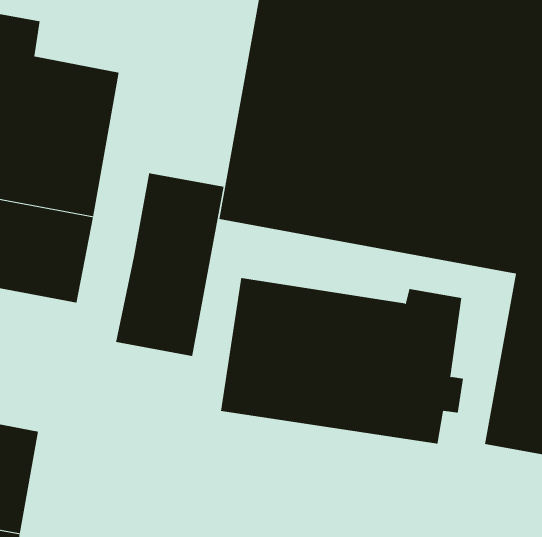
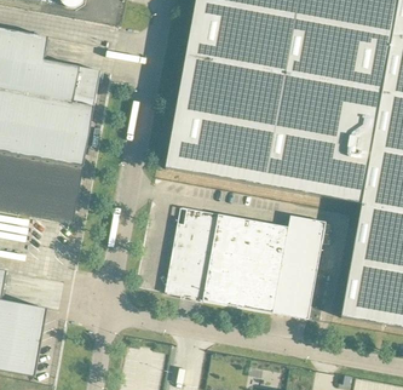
building: [115,172,224,357] -> none

